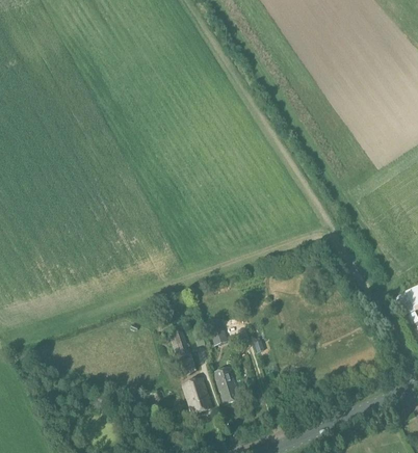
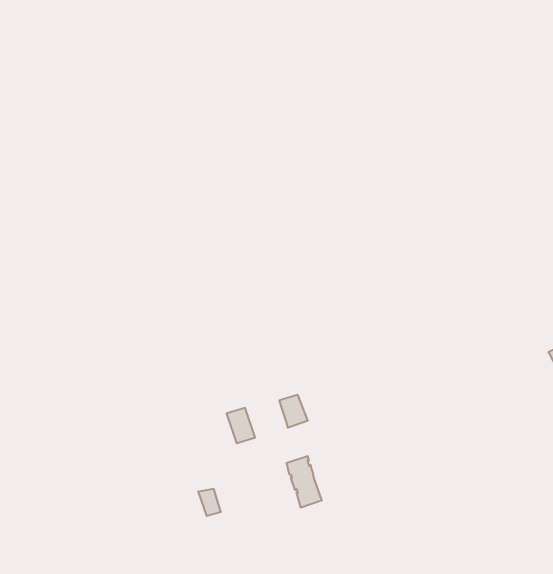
building: [183,376,211,411] -> none

